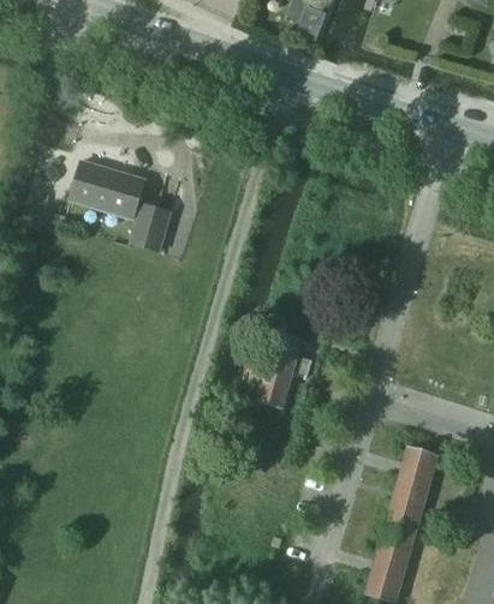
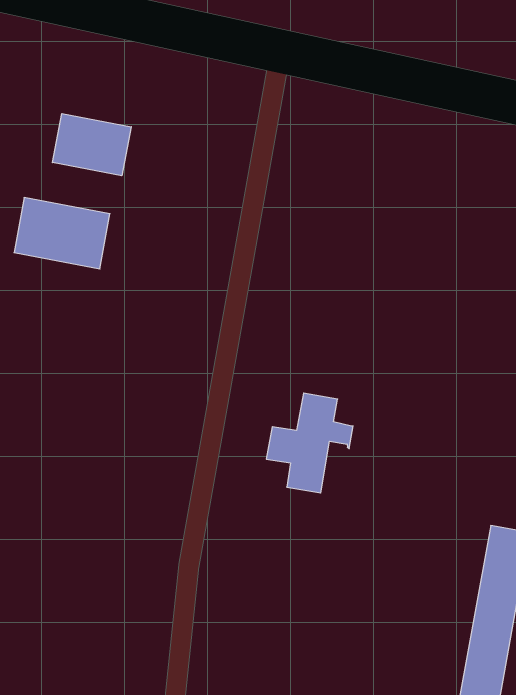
building: none -> [52,114,131,176]
building: [131,204,171,251] -> none

